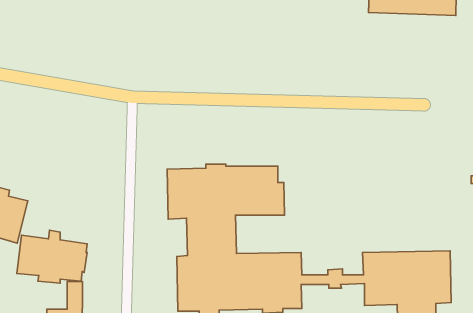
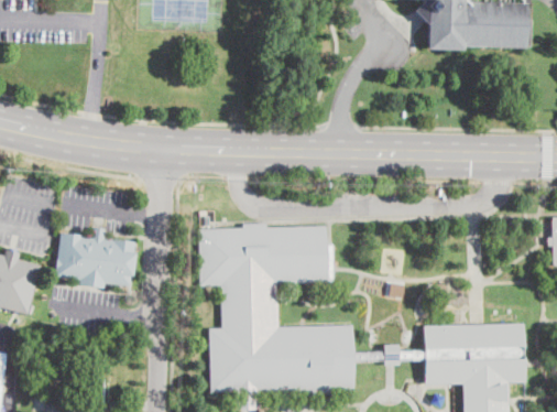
building: [17,230,87,283] -> [56,227,136,288]

